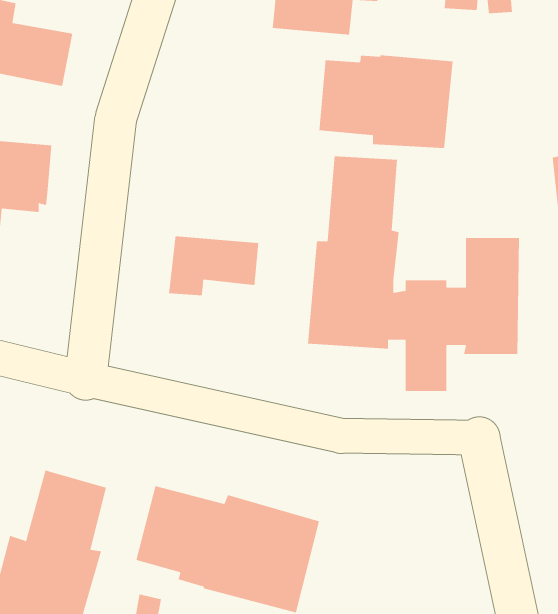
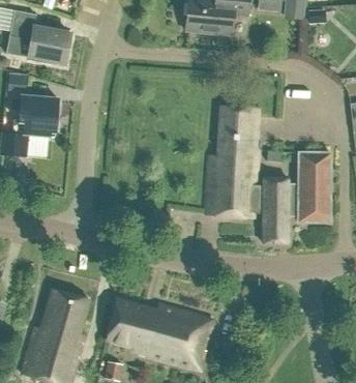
building: [319,55,453,149] -> none
building: [168,235,259,296] -> none

